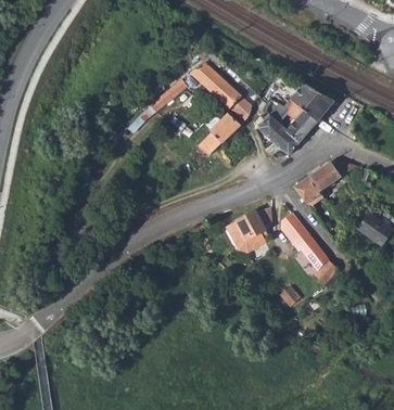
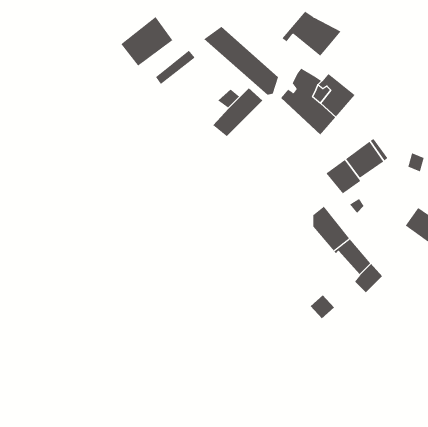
building: none -> [121,16,173,67]
building: [284,81,334,119] -> [282,11,341,56]
building: [226,207,271,252] -> none

